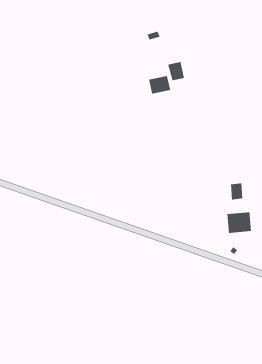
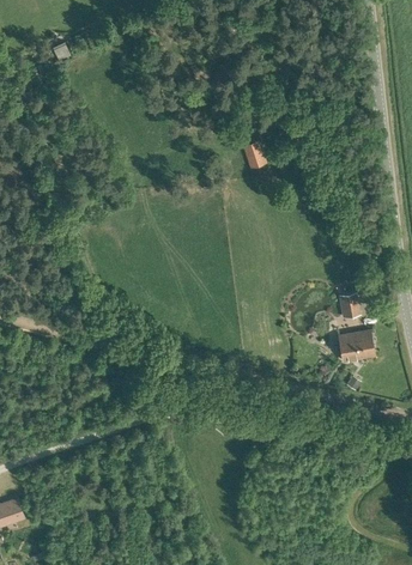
building: [148,75,171,94] -> none

